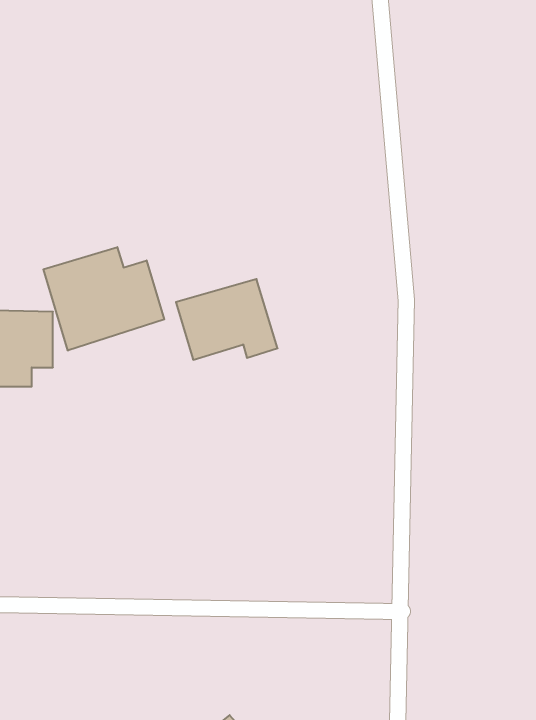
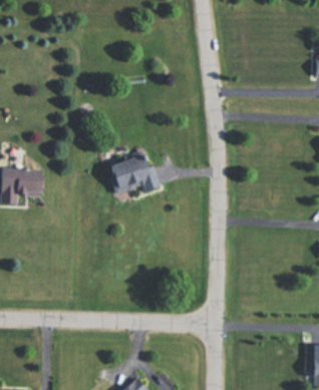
building: [43,247,164,351] -> none

